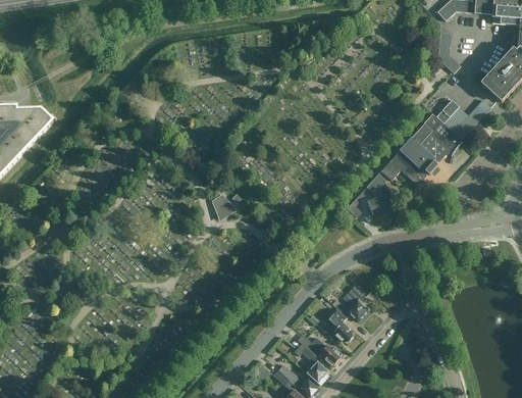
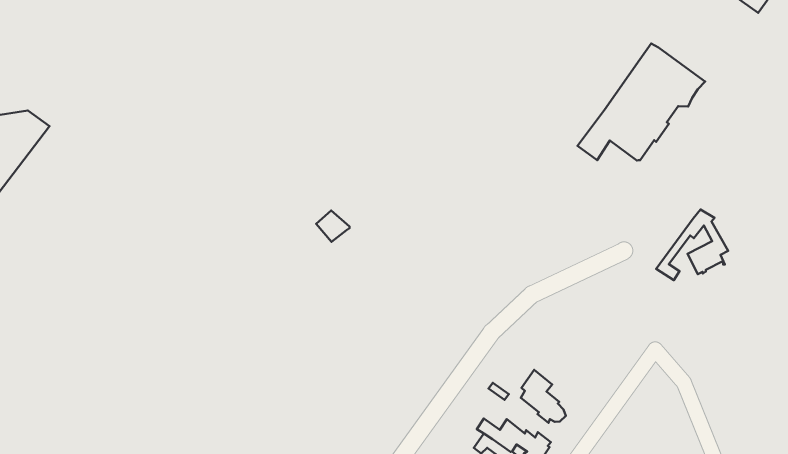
building: [436,98,477,139] -> none
building: [347,173,393,215] -> [656,209,728,280]
building: [336,285,369,319] -> none

